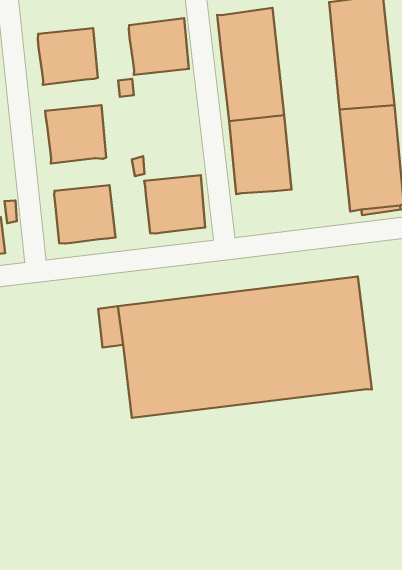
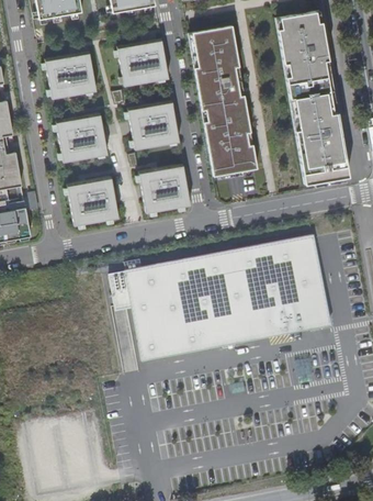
building: none -> [127,100,179,148]

